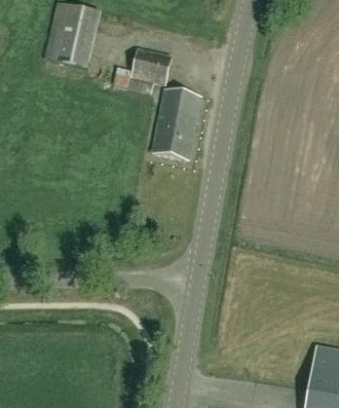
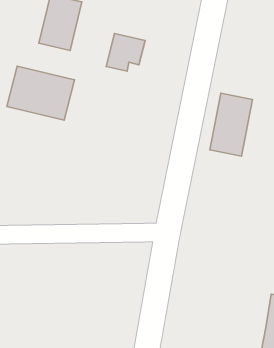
building: none -> [7,66,74,120]
building: [152,86,200,158] -> [210,93,252,156]

